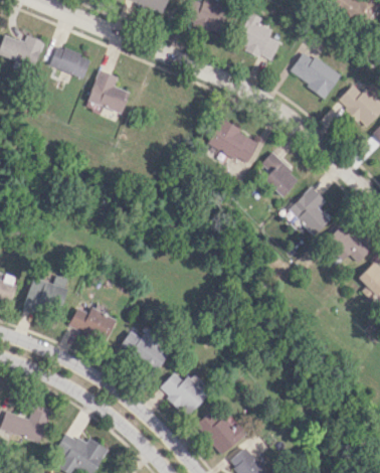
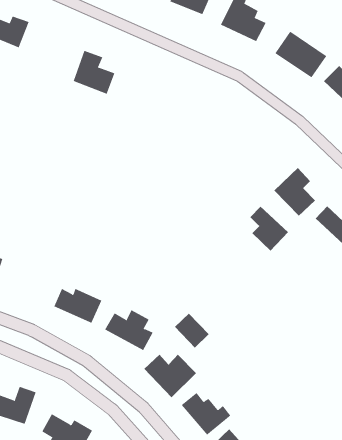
building: [48,45,90,78] -> none
building: [207,120,259,165] -> none
building: [260,152,300,197] -> [249,206,289,251]
building: [23,276,69,315] -> none
building: none -> [174,313,210,348]

